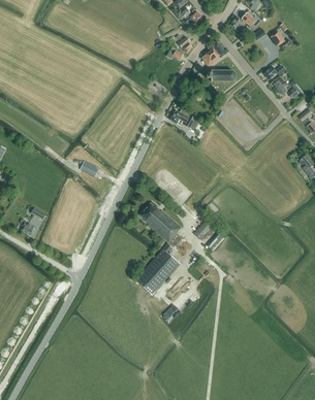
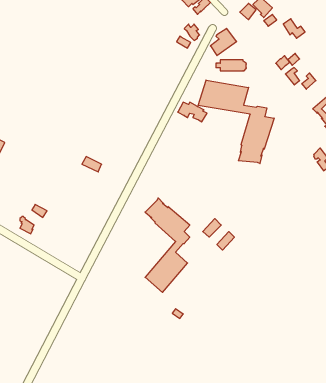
building: none -> [198,80,274,164]

